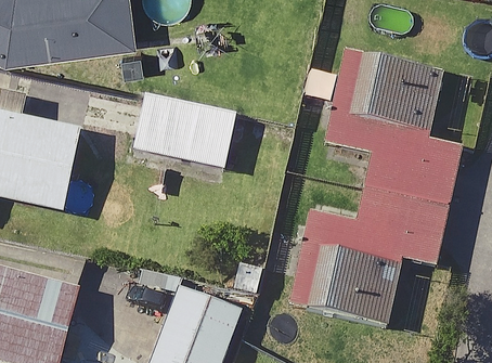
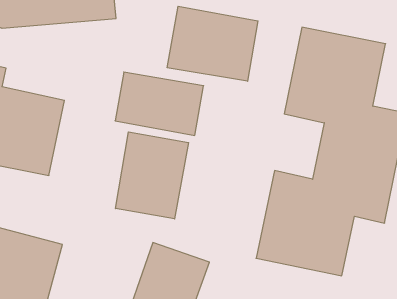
building: none -> [167,6,258,81]
building: none -> [116,132,189,219]

